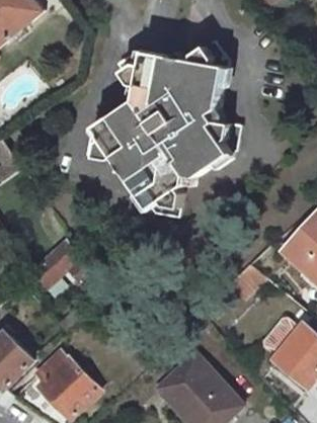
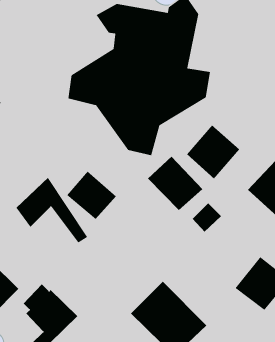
building: none -> [186,124,240,179]
building: none -> [147,156,203,211]
building: none -> [66,171,117,220]

